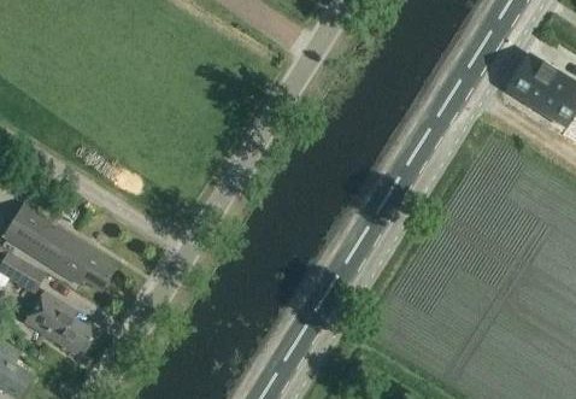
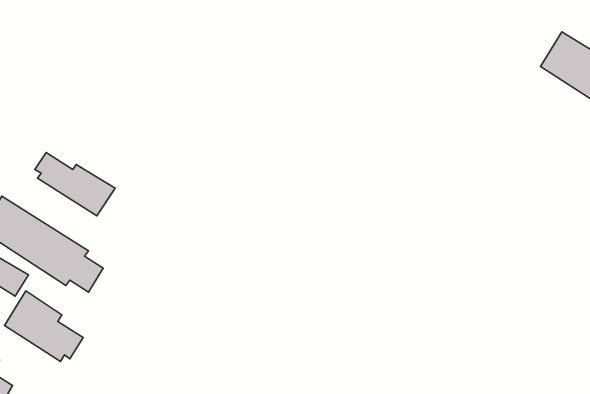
building: none -> [35,153,115,216]

